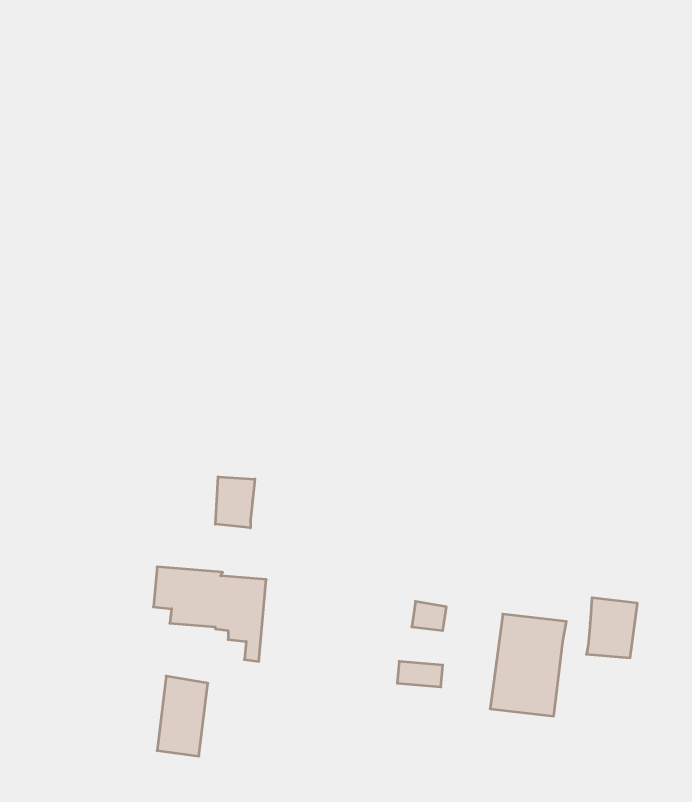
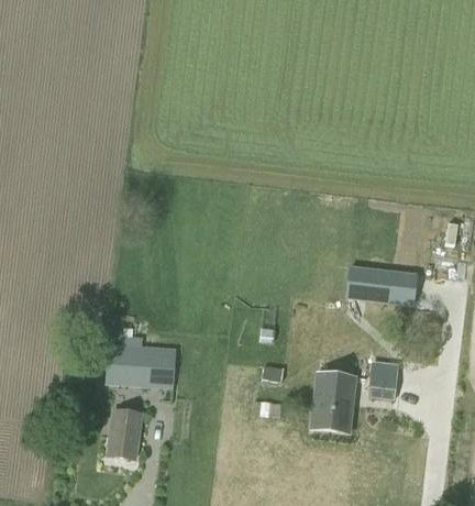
building: none -> [346,265,418,306]
building: [215,477,255,528] -> none

